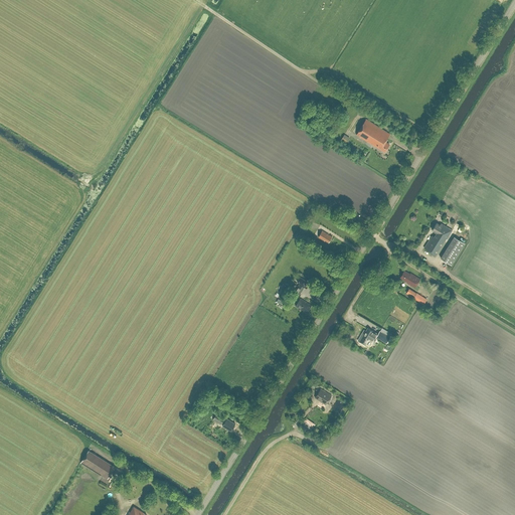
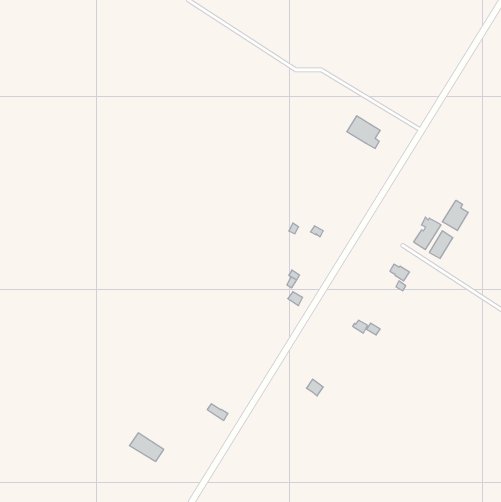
building: none -> [442,200,468,231]
building: [79,450,115,479] -> [129,433,164,461]

